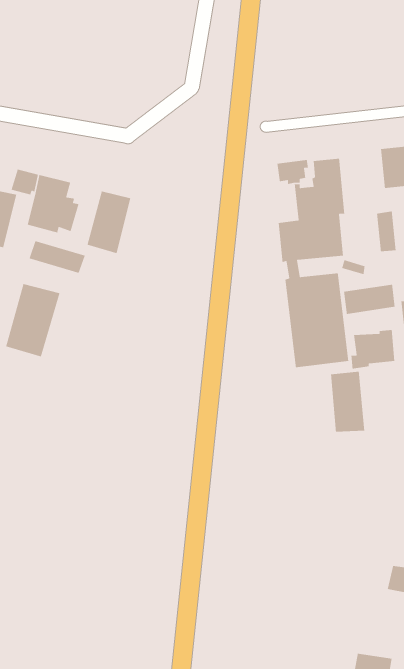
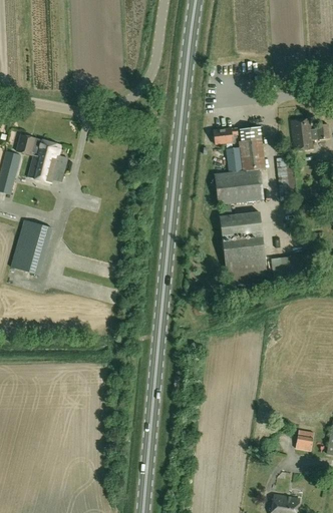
building: [87,190,131,254] -> none
building: [28,240,86,274] -> none
building: [343,284,395,315] -> none
building: [330,371,365,433] -> none

